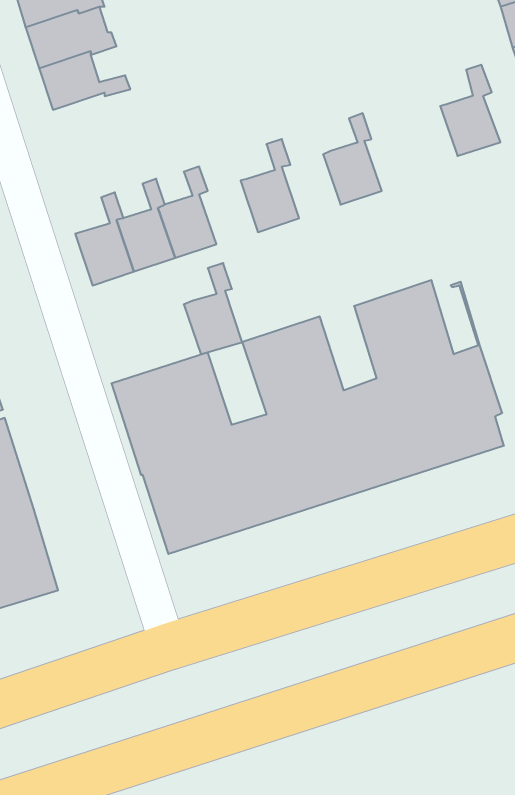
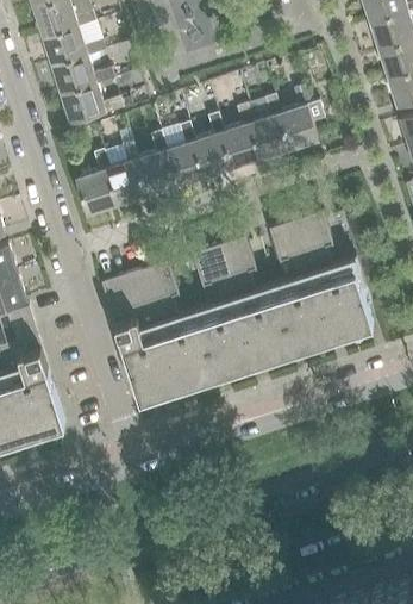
building: [440,65,500,156] -> [276,88,318,151]
building: none -> [61,83,124,124]
building: none -> [219,107,259,170]
building: [184,263,242,354] -> [162,125,202,188]

